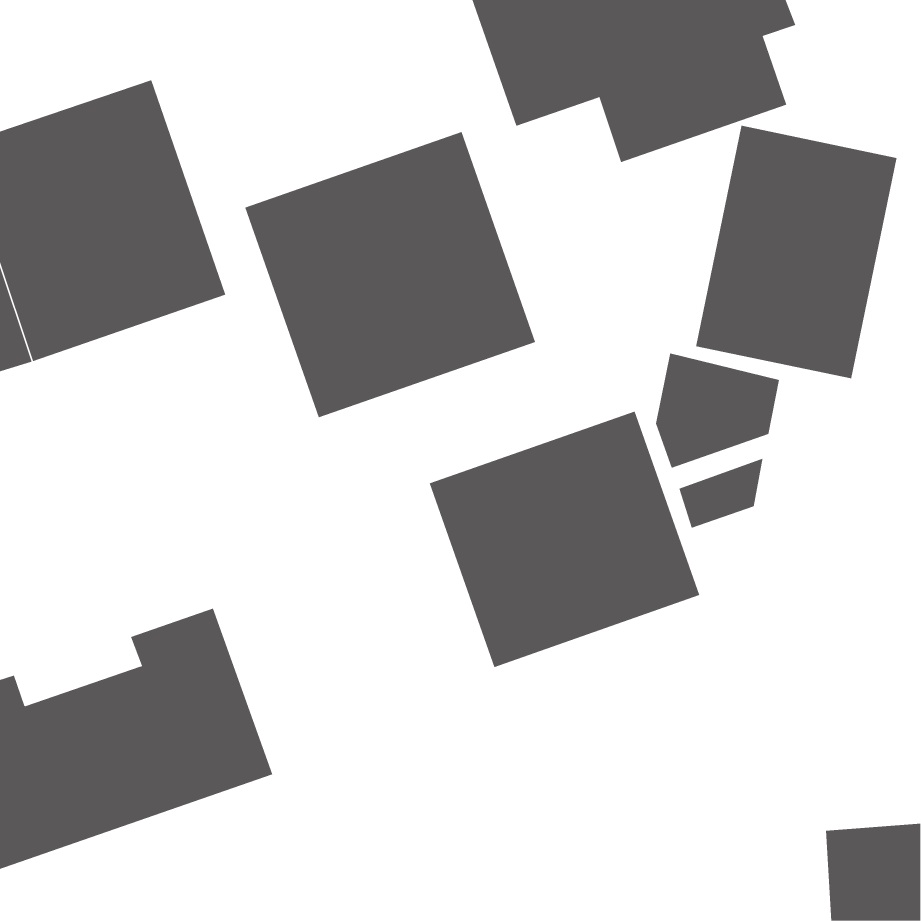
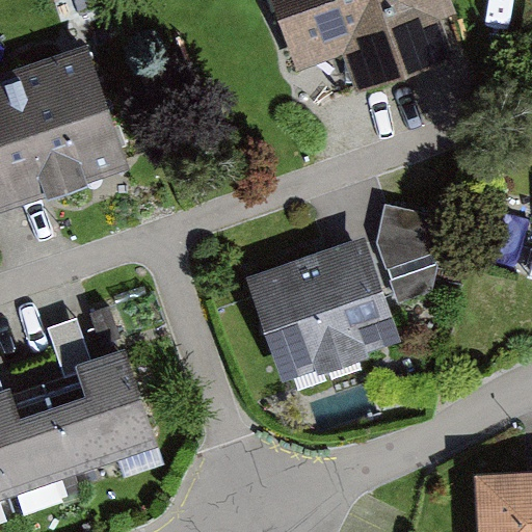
building: [696,125,897,379] -> none
building: [244,131,536,418] -> none

